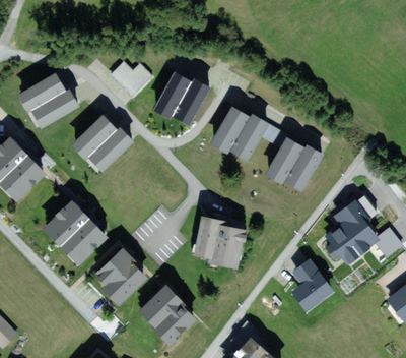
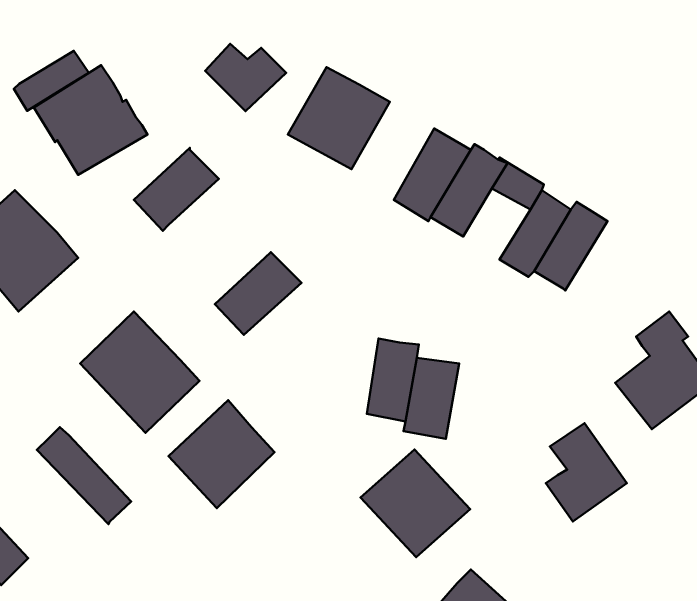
building: none -> [14,51,89,111]
building: [90,128,136,172] -> [215,252,302,335]
building: none -> [37,427,131,524]
building: [135,281,193,338] -> [360,449,470,557]

